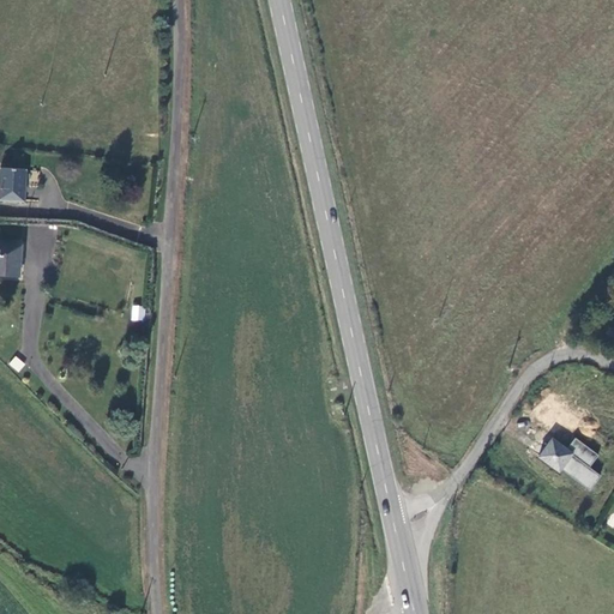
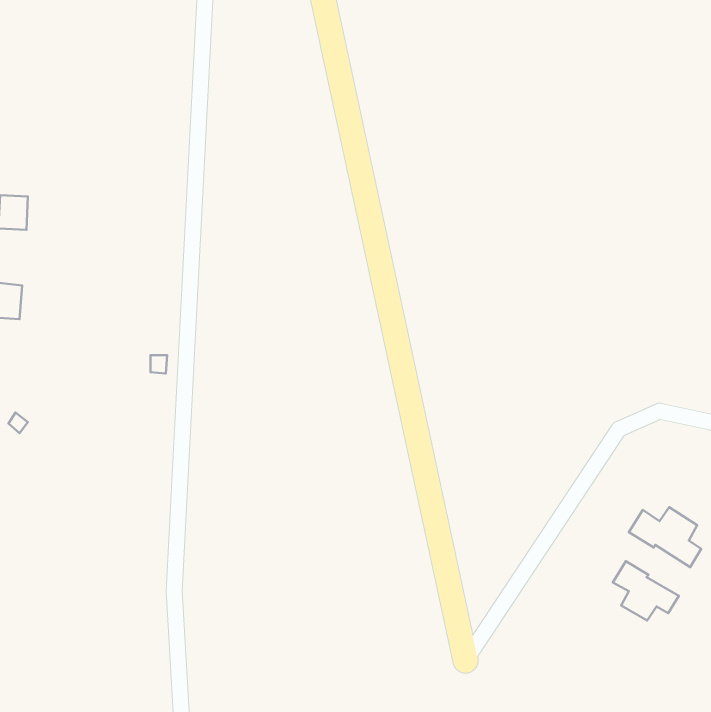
building: none -> [613,561,679,620]

